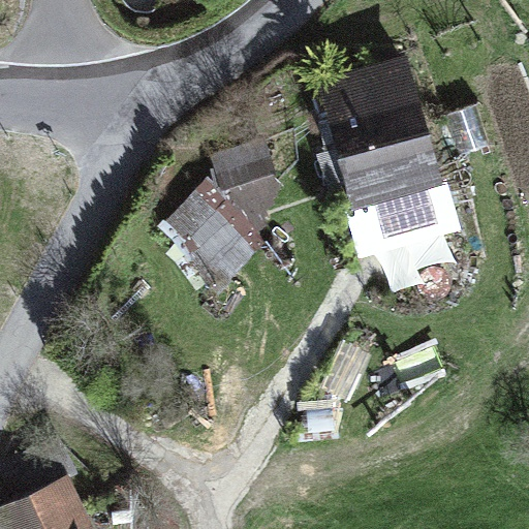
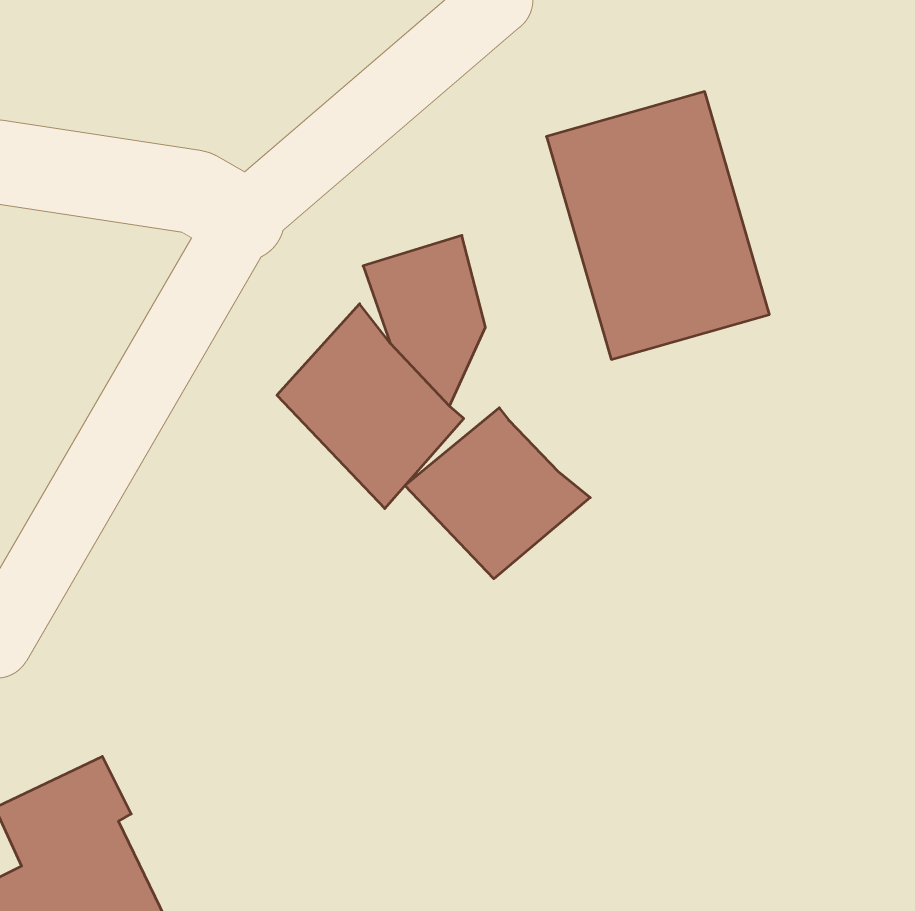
building: [342,184,460,262] -> none
building: none -> [405,408,590,579]

